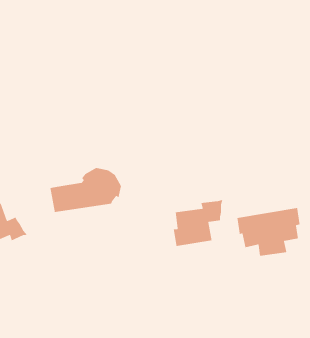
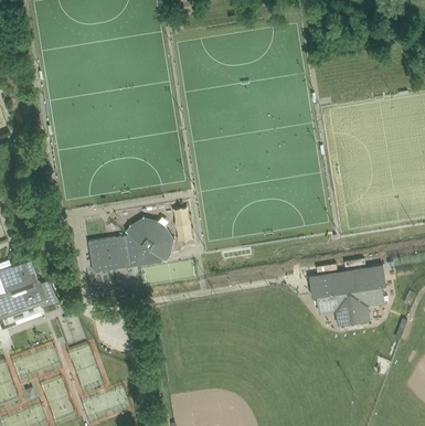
building: [173,199,223,247] -> none

